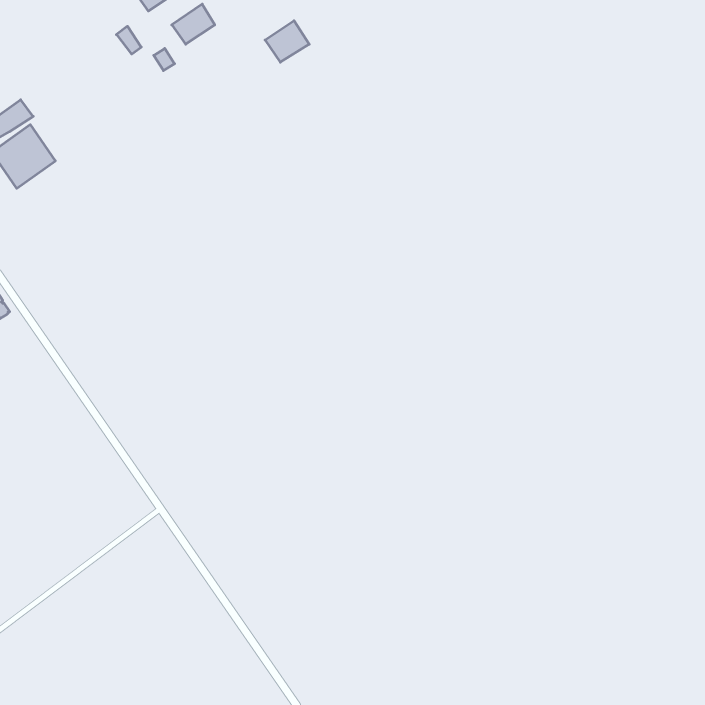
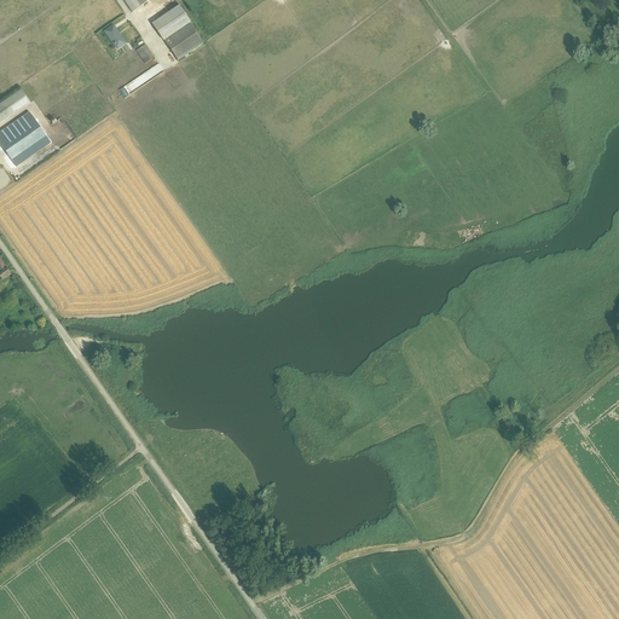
building: [265,21,309,62] -> [162,22,201,58]

